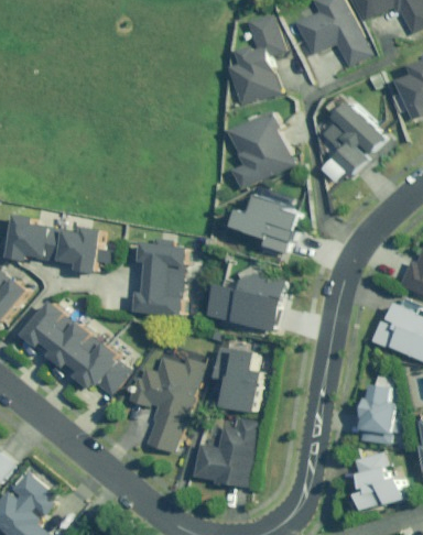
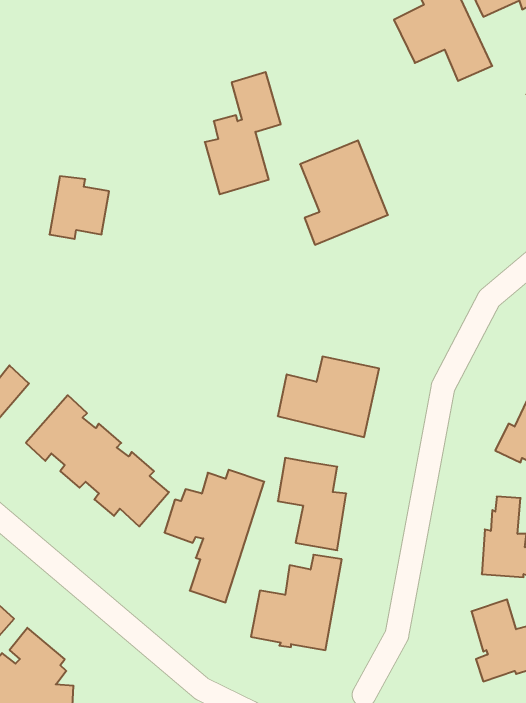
building: [227,13,283,103] -> [205,72,281,194]
building: [315,94,386,178] -> none
building: [232,187,302,254] -> none
building: [9,215,53,261] -> [49,176,109,239]
building: [61,227,101,273] -> none
building: [134,243,189,314] -> none

